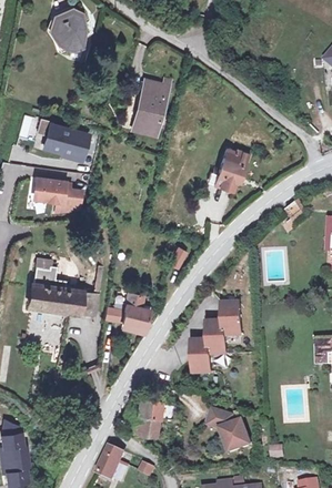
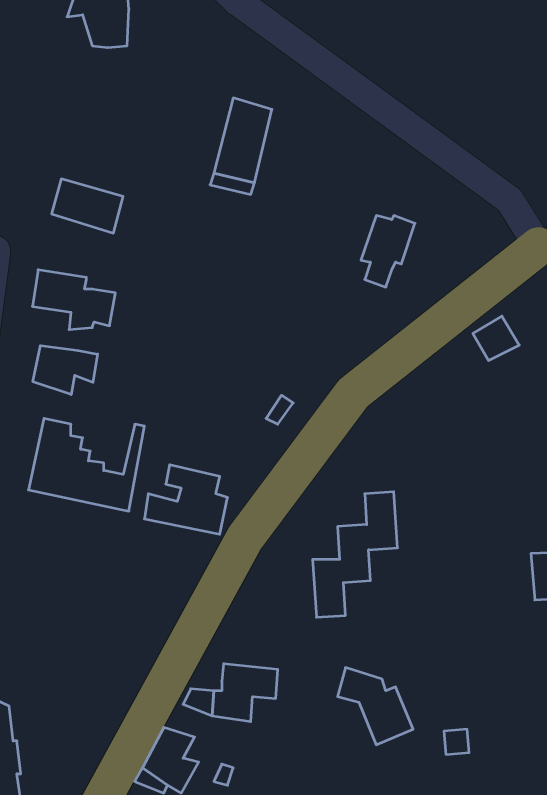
building: none -> [33,346,98,395]

